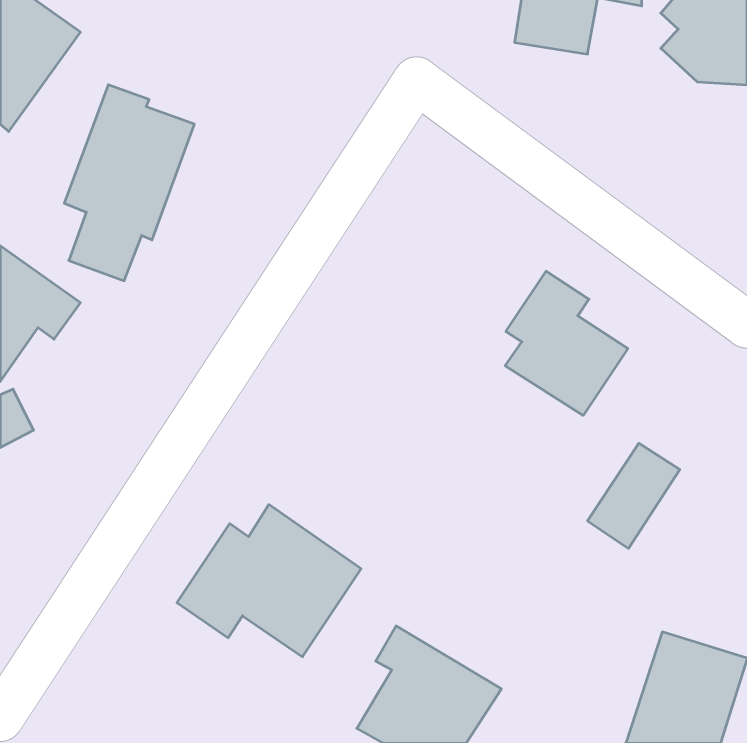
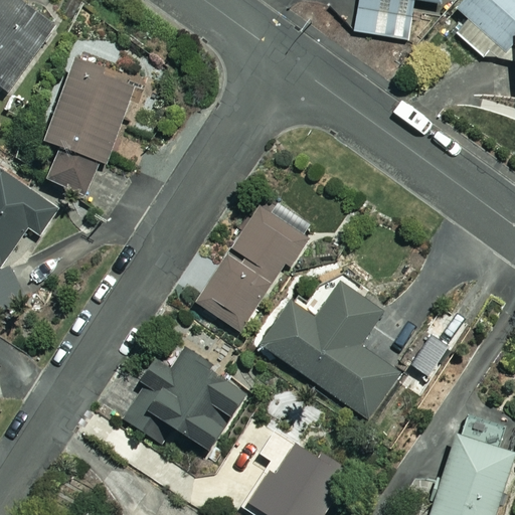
building: [505,271,628,415] -> none
building: none -> [195,201,310,329]
building: none -> [263,279,402,418]

